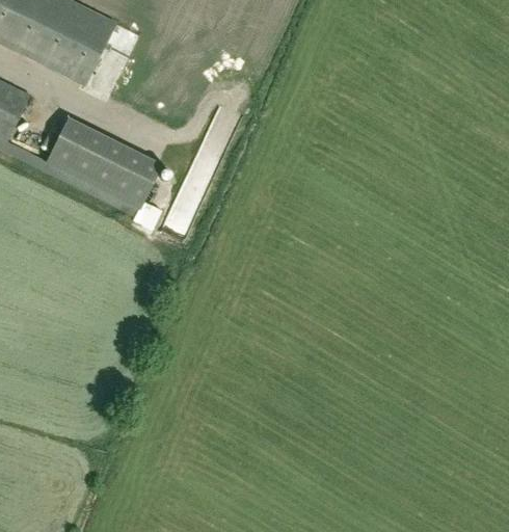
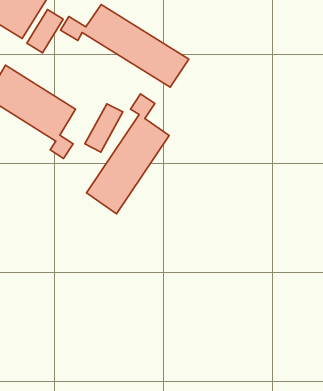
building: none -> [61,5,189,87]
building: none -> [86,94,169,214]

